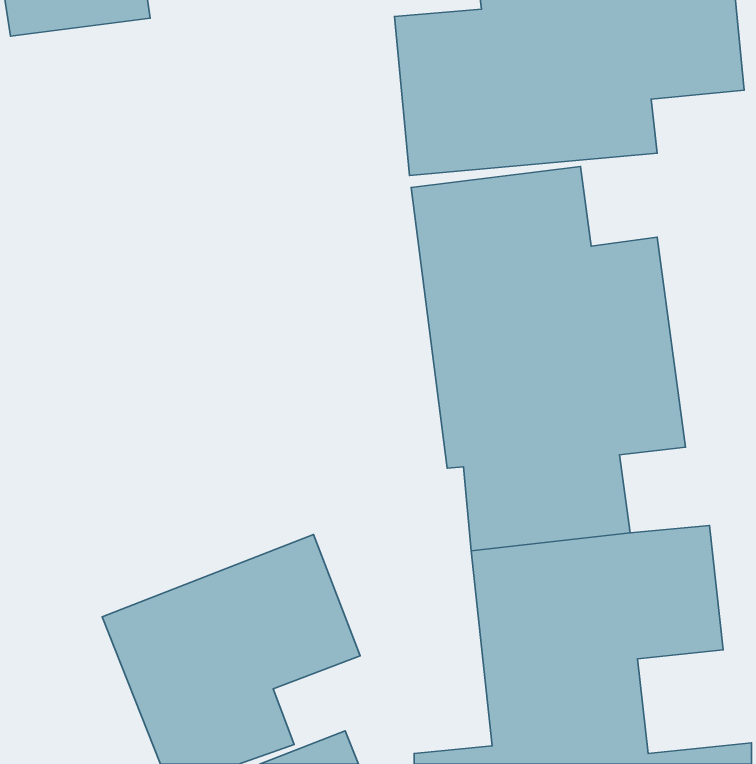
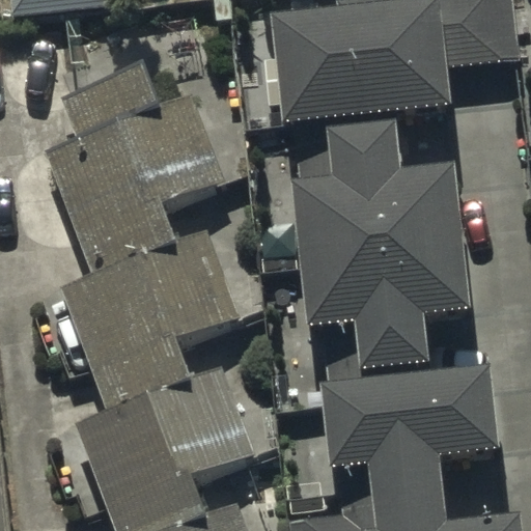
building: none -> [43,63,227,266]
building: none -> [60,230,240,407]

